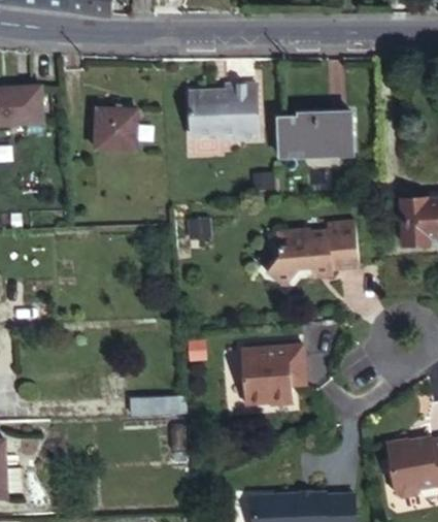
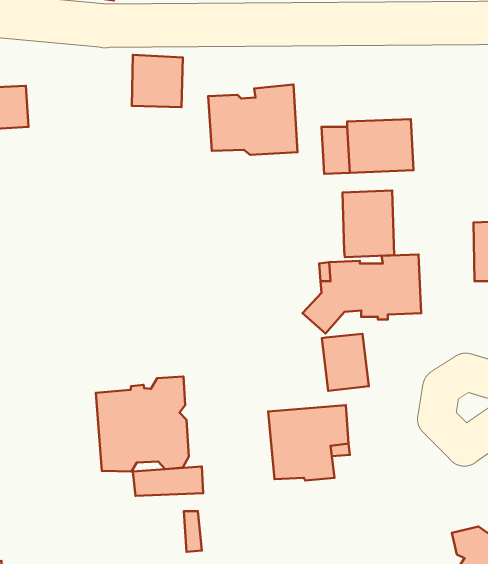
building: [97,106,138,149] -> [132,55,183,107]
building: none -> [343,190,394,257]
building: none -> [322,334,369,391]
building: none -> [96,377,189,472]

